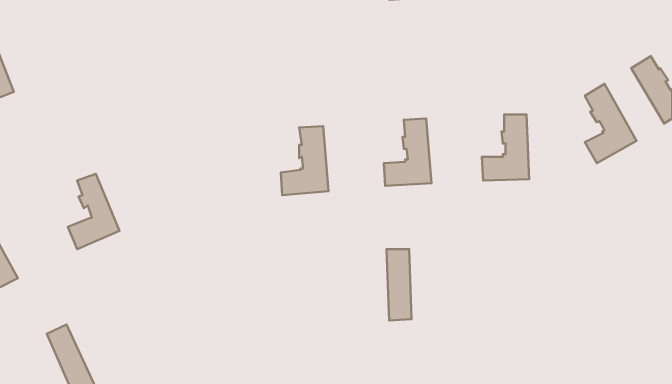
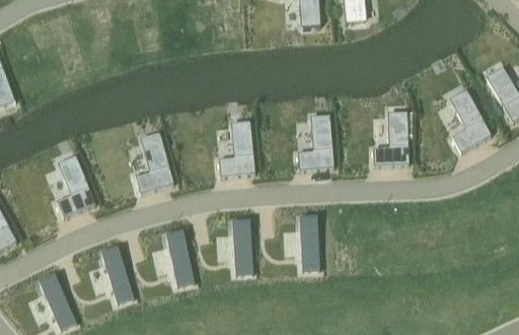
building: none -> [134,135,172,191]
building: none -> [231,220,252,275]
building: none -> [165,230,194,287]
building: none -> [100,248,133,304]

